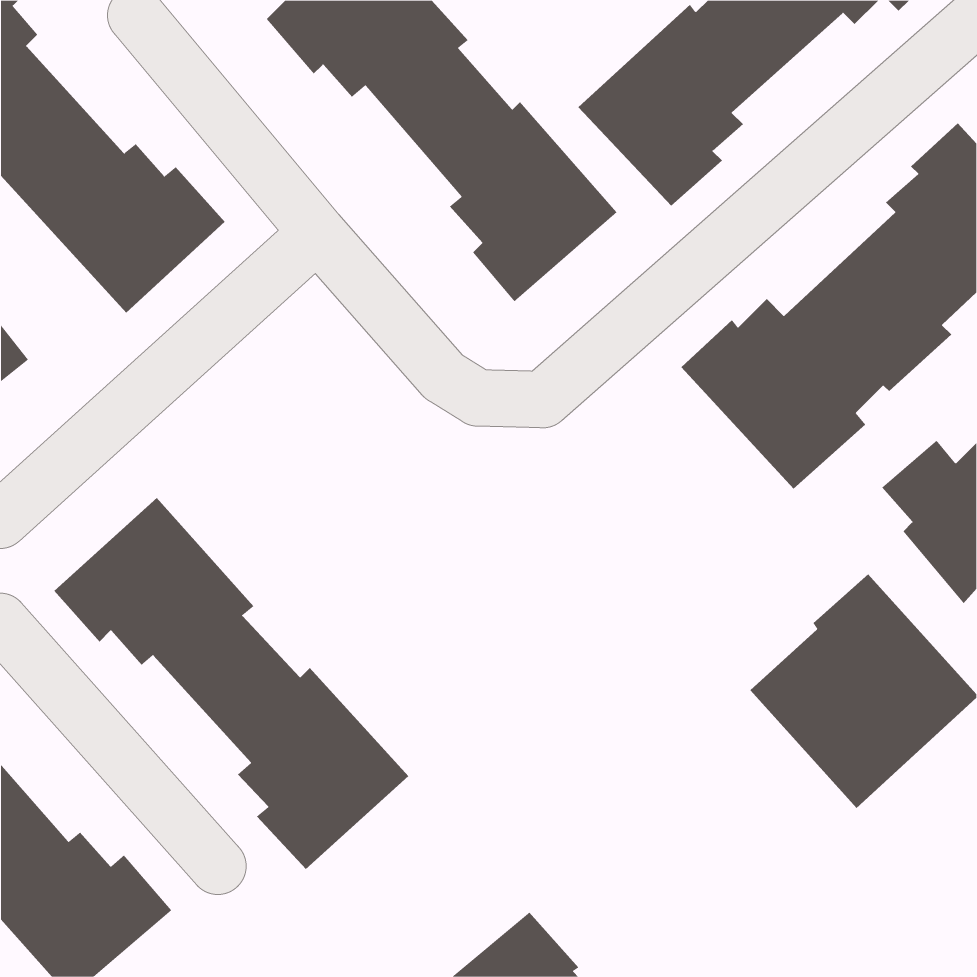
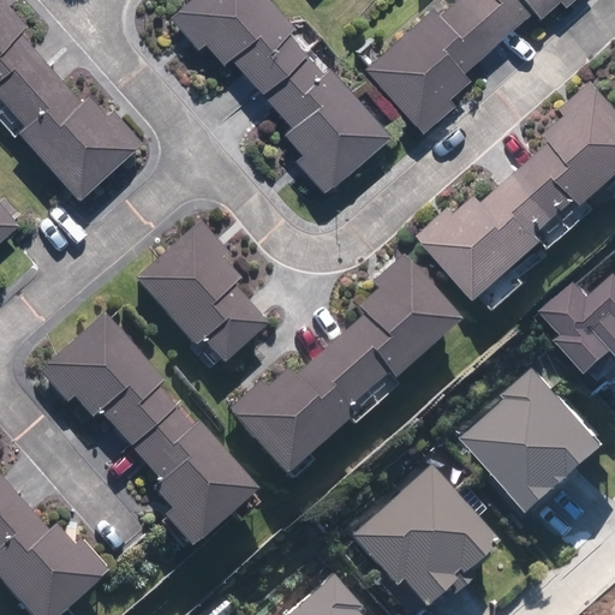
building: none -> [132,220,265,368]
building: none -> [226,255,456,477]
building: none -> [350,465,496,602]

